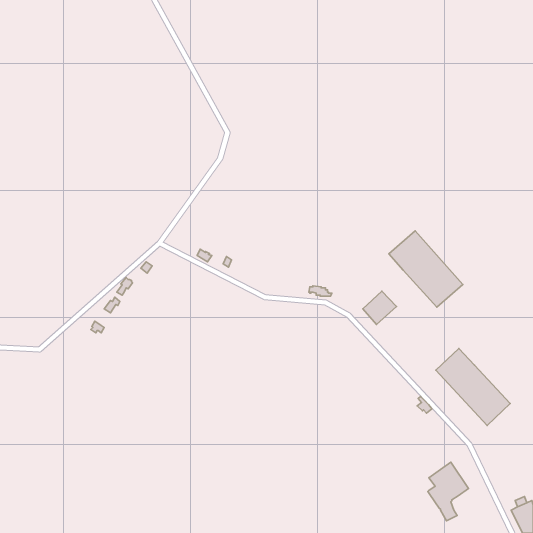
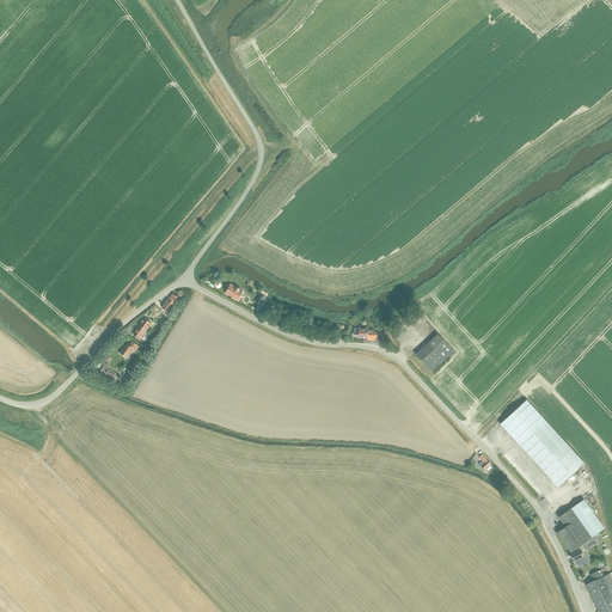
building: [389,231,463,307] -> none
building: [428,462,469,521] -> [557,500,604,567]

